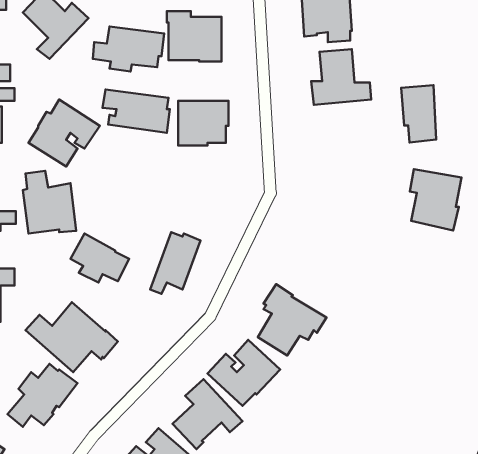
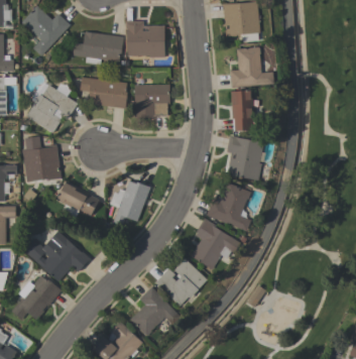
building: [401,85,436,142] -> [230,89,255,130]
building: [410,169,462,231] -> [227,135,264,180]
building: none -> [207,183,251,230]

